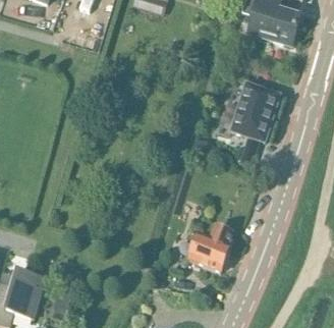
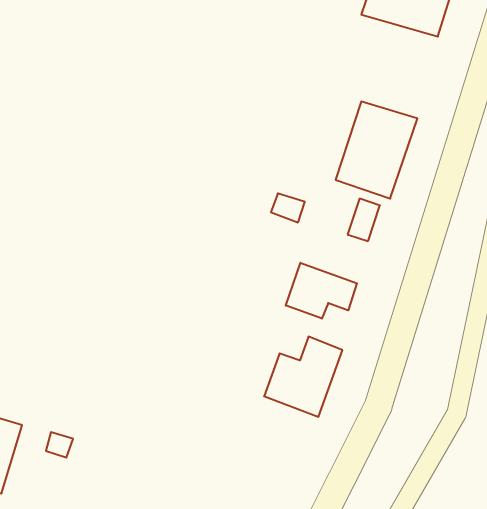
building: none -> [286,263,357,319]

